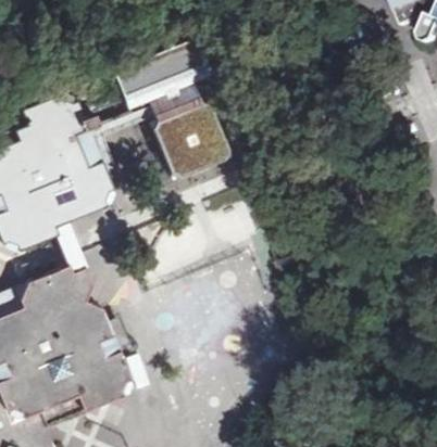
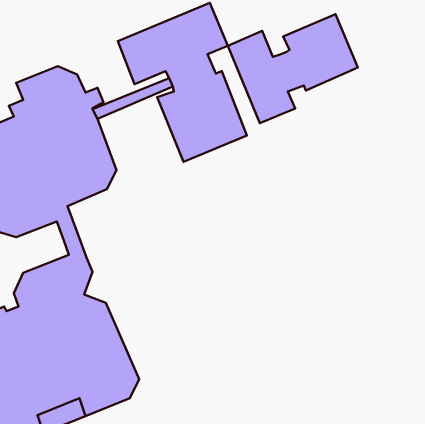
building: none -> [228,14,358,123]

